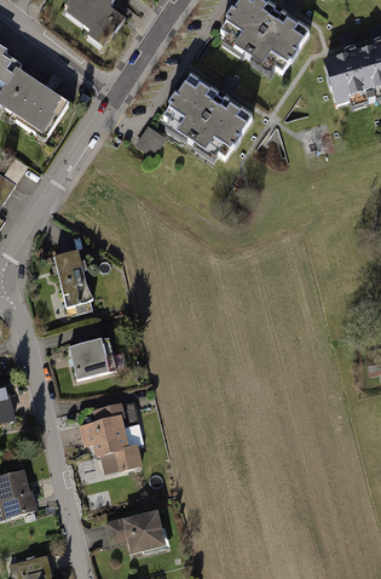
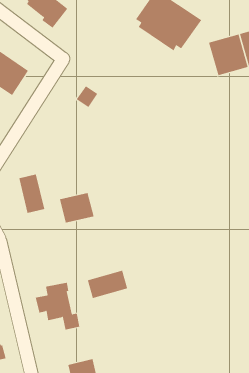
building: [156,73,249,160] -> none
building: [68,336,117,379] -> [59,192,94,223]
building: none -> [87,270,128,299]

